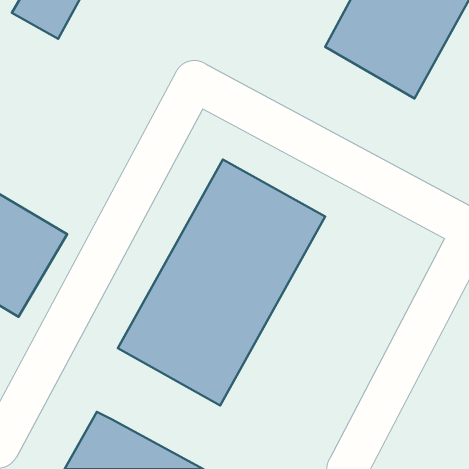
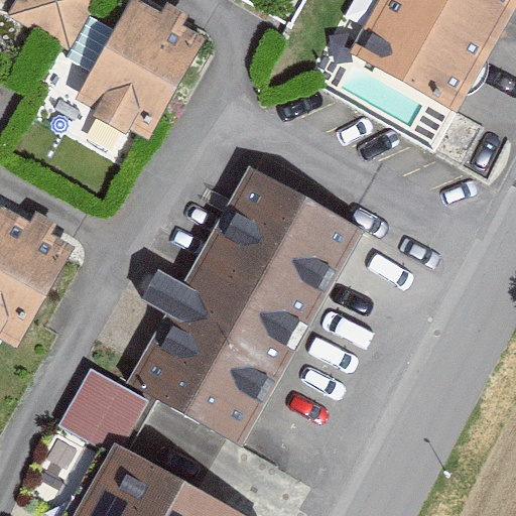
building: none -> [78,4,200,135]
building: none -> [57,368,152,459]

